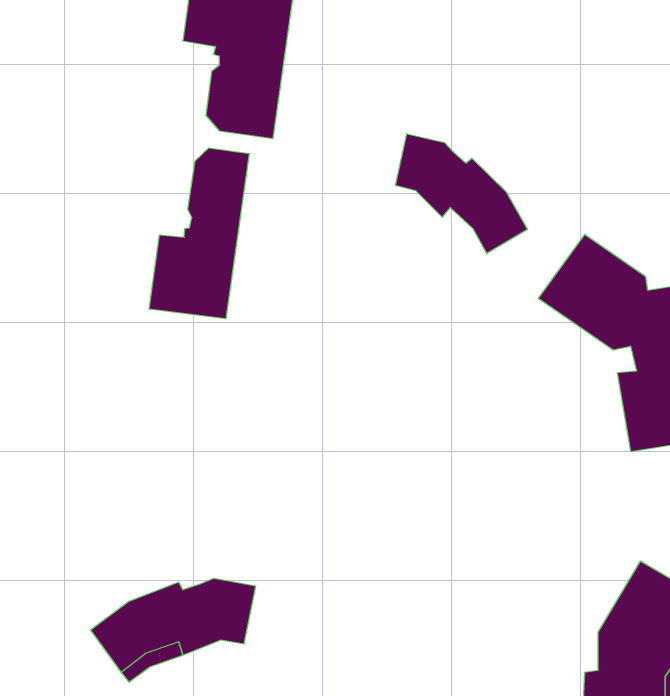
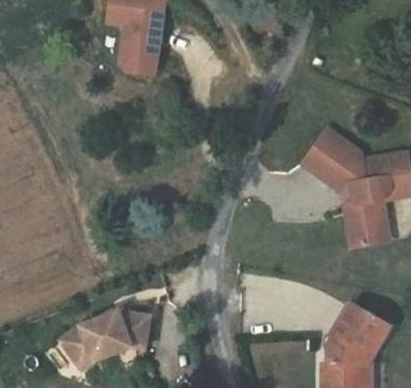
building: [395,134,527,254] -> none
building: [149,148,249,319] -> none

